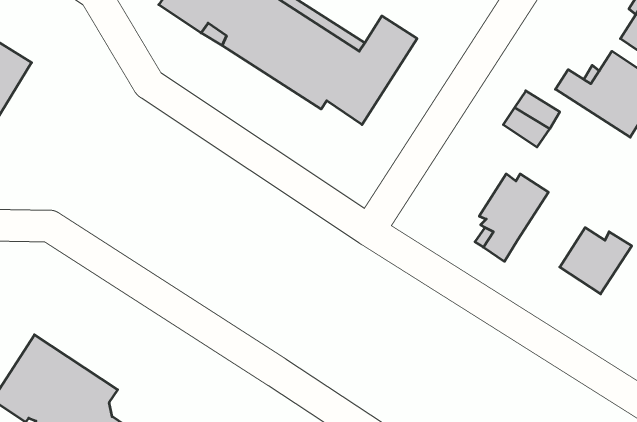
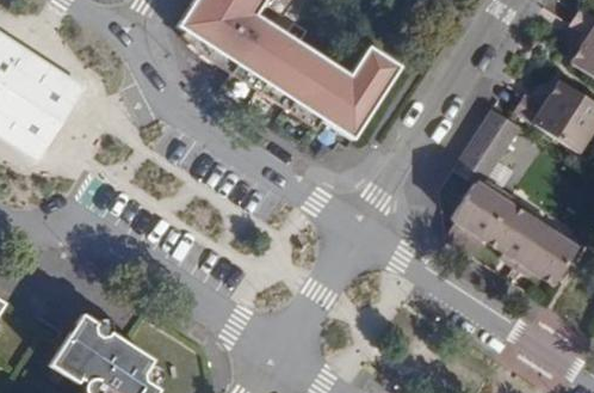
building: none -> [454,137,502,185]
building: none -> [485,195,543,258]

